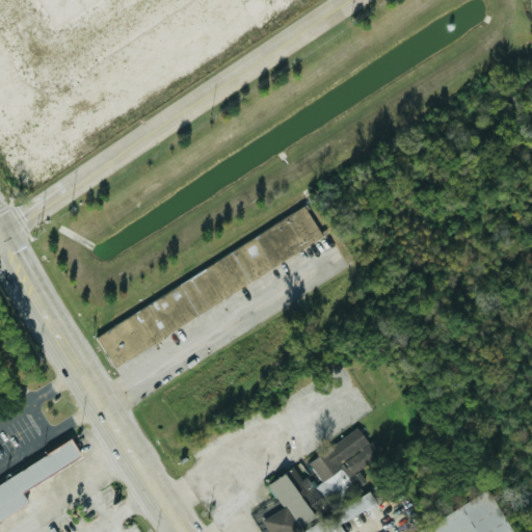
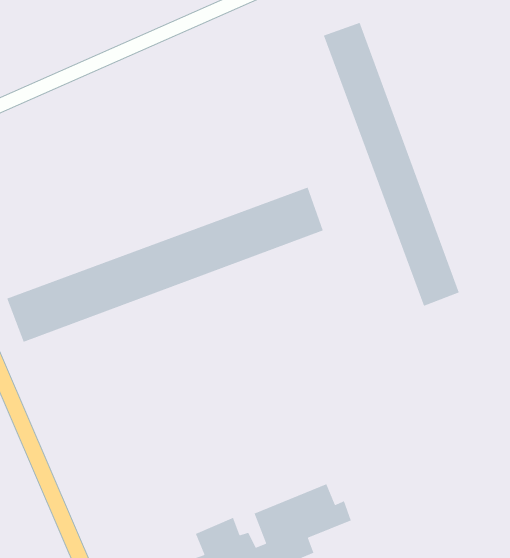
building: none -> [323,22,460,307]

